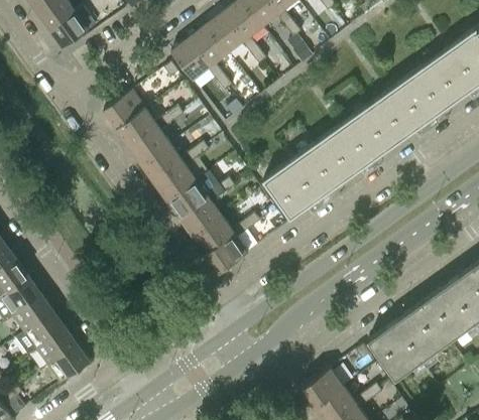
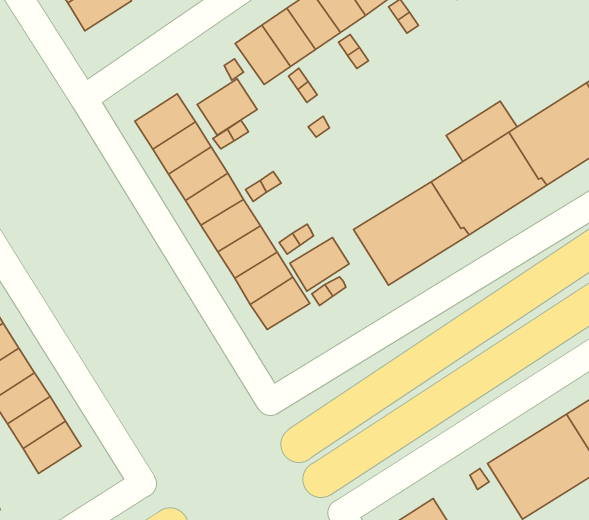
building: none -> [197,79,257,135]
building: none -> [446,101,517,161]
building: [206,235,248,274] -> [290,237,349,291]
building: [48,345,90,384] -> none

